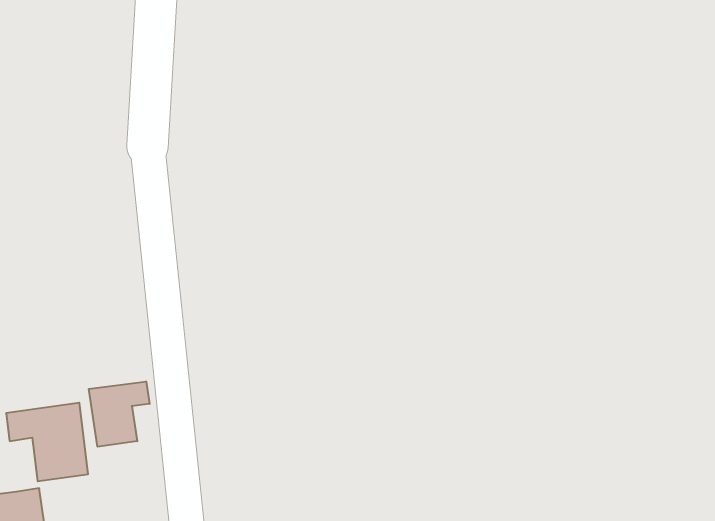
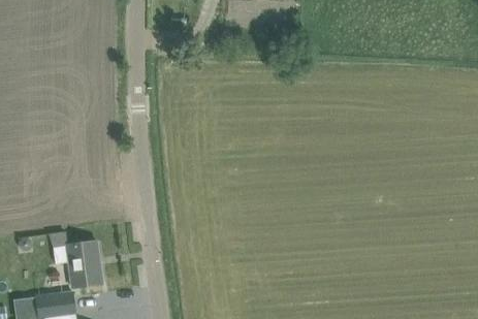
building: [89,381,150,447] -> none

